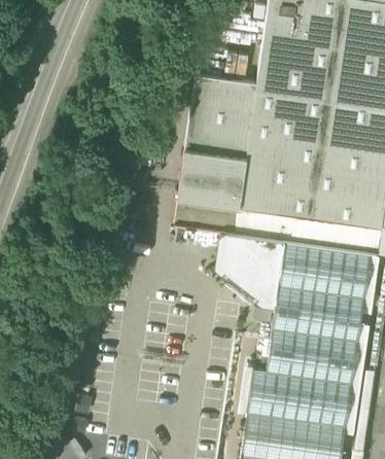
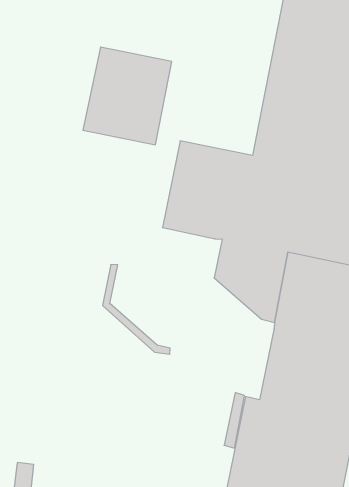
building: [186,75,260,157] -> [83,47,172,145]
building: [216,232,277,307] -> [103,265,170,354]

